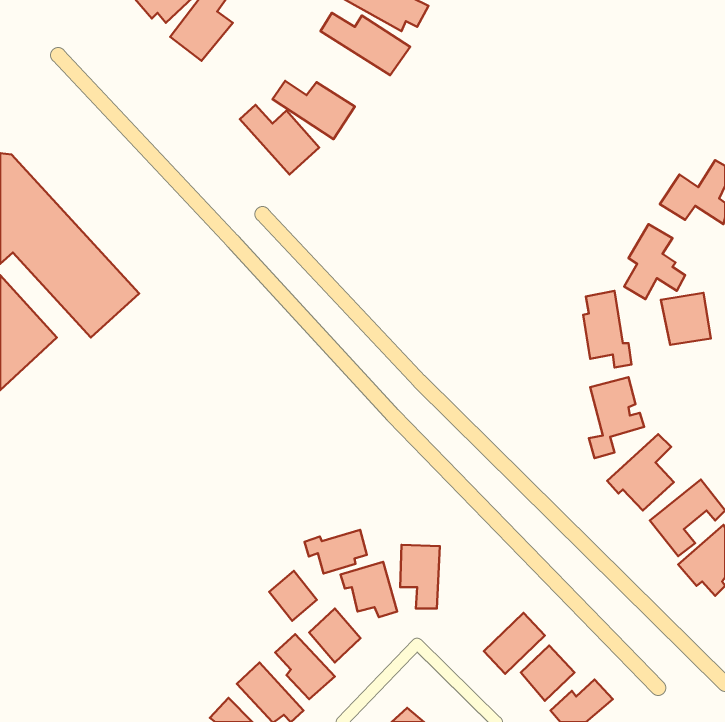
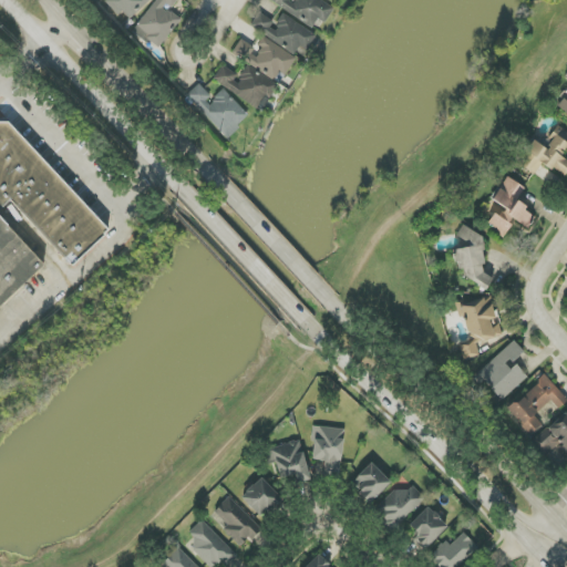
building: none -> [233,33,297,82]
building: [661,293,711,345] -> none
building: [304,530,367,573] -> none
building: [269,571,317,621] -> none
building: none -> [351,461,391,501]

